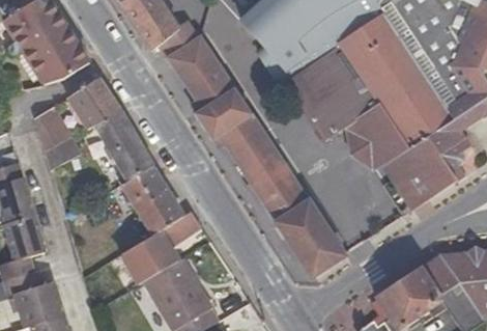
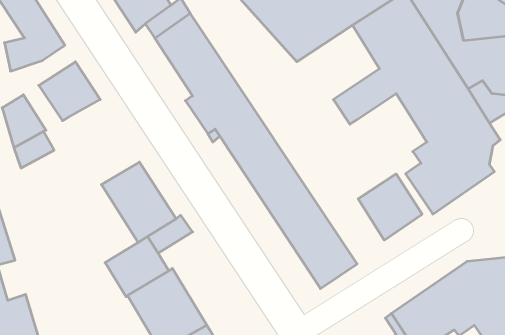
building: [286,45,364,140] -> none
building: [344,105,405,175] -> none
building: [91,110,153,185] -> none

